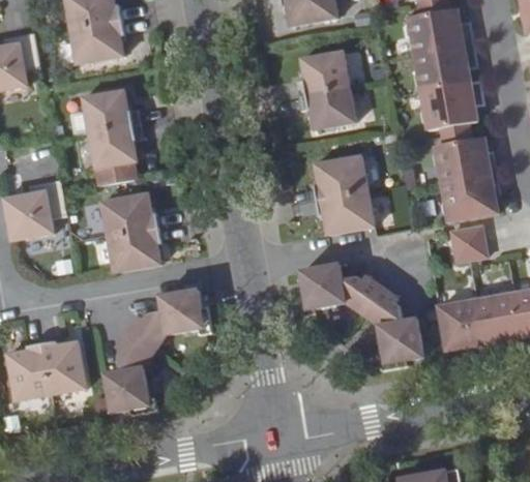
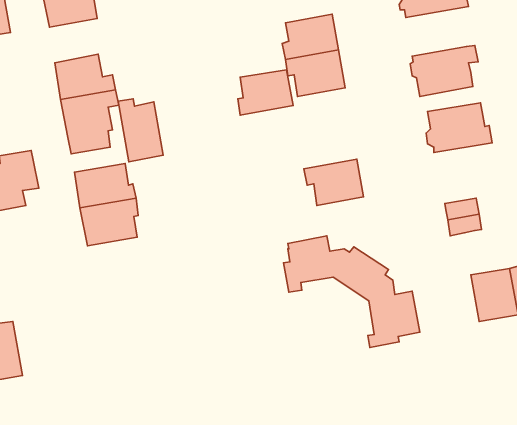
building: [412,43,477,91] -> none
building: none -> [118,99,163,162]
building: [316,155,369,199] -> [238,70,293,115]
building: [439,174,500,221] -> none
building: [102,289,208,415] -> none
building: [438,300,485,351] -> none
building: [39,341,84,396] -> none

